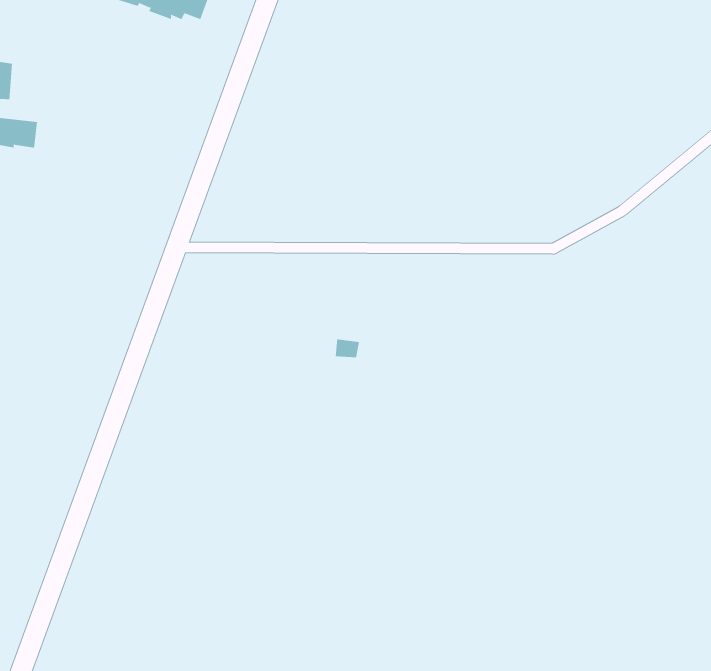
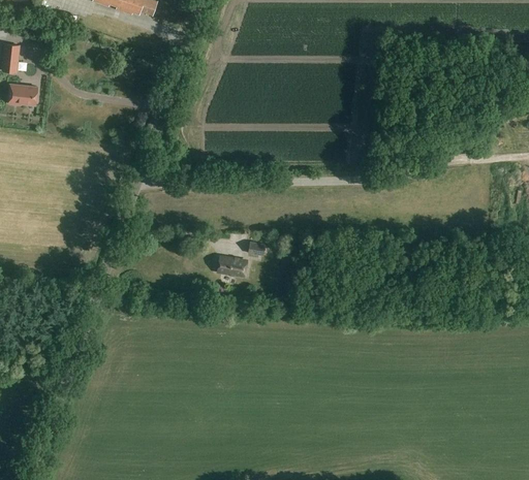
building: none -> [218,255,246,276]

